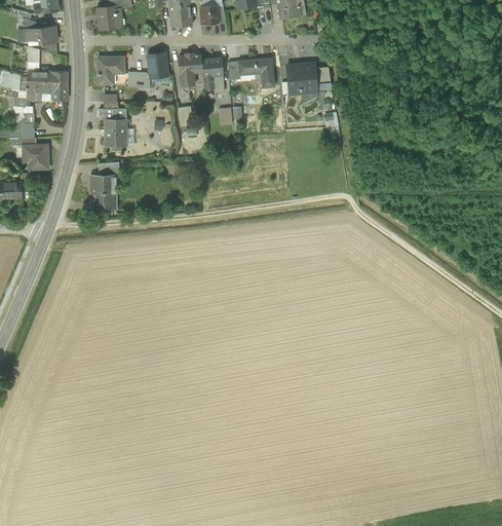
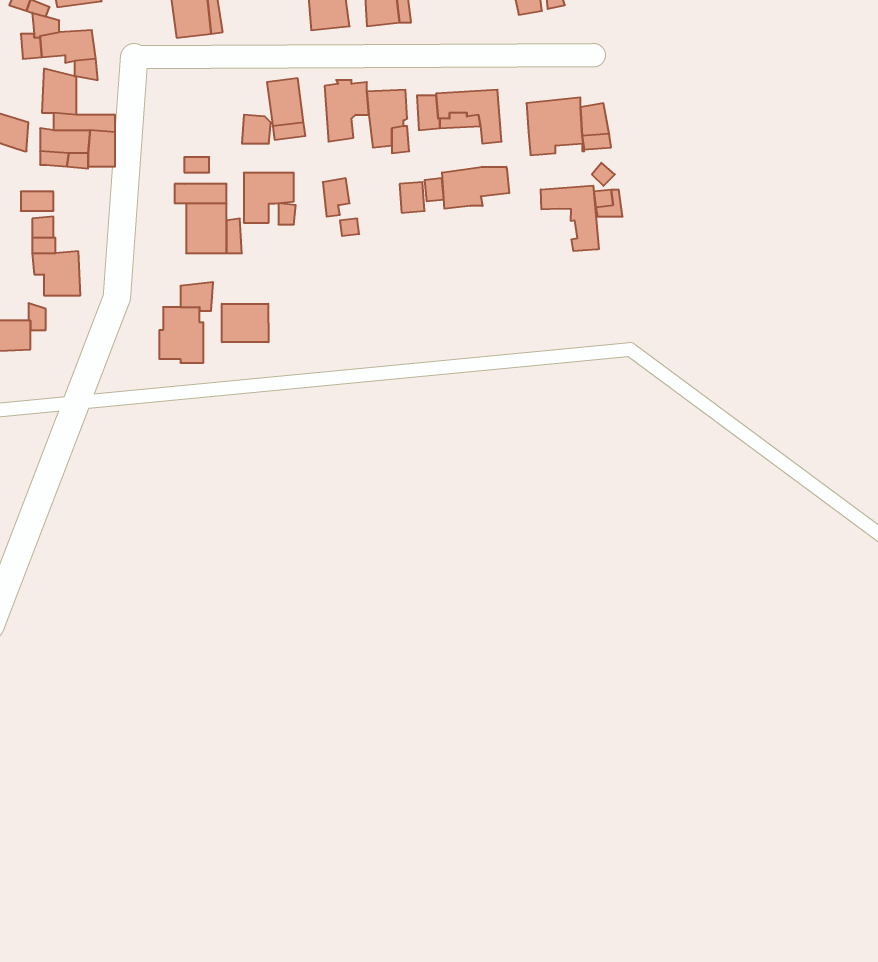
building: [96,58,123,84] -> [244,173,294,223]
building: none -> [442,167,509,209]
building: none -> [541,186,599,251]
building: none -> [222,304,268,342]

